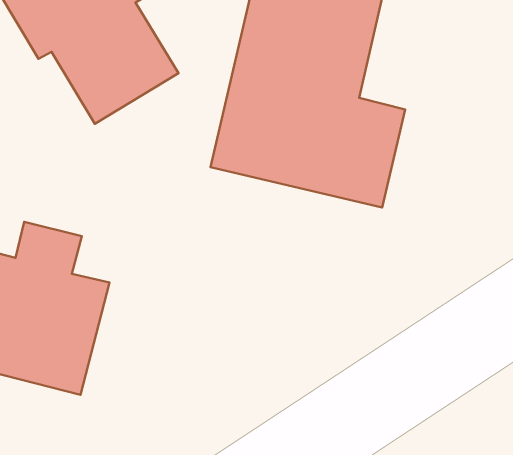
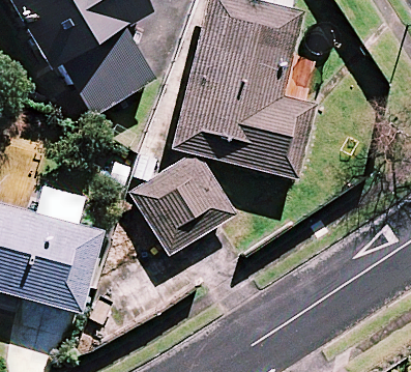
building: none -> [131,153,235,252]

